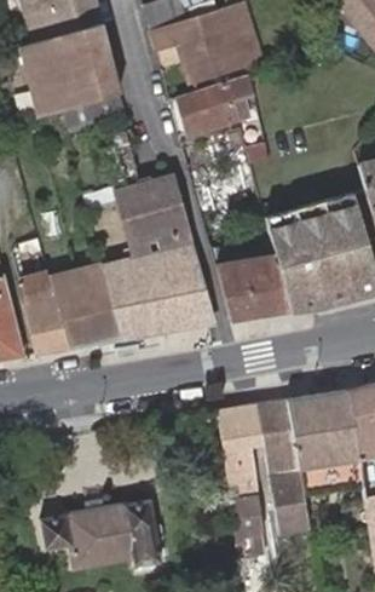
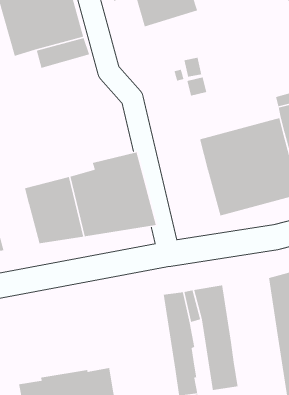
building: [175,74,253,134] -> none
building: [106,133,185,247] -> none
building: [214,257,287,321] -> none
building: [23,278,64,352] -> none
building: [290,389,360,493] -> none

